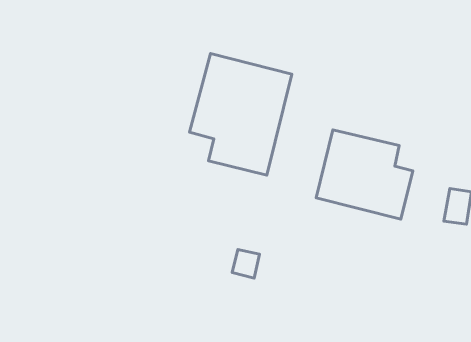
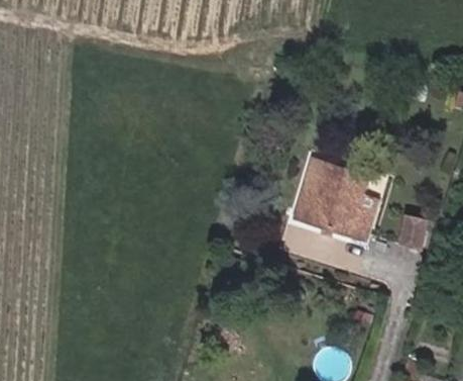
building: [190,54,292,175] -> none

